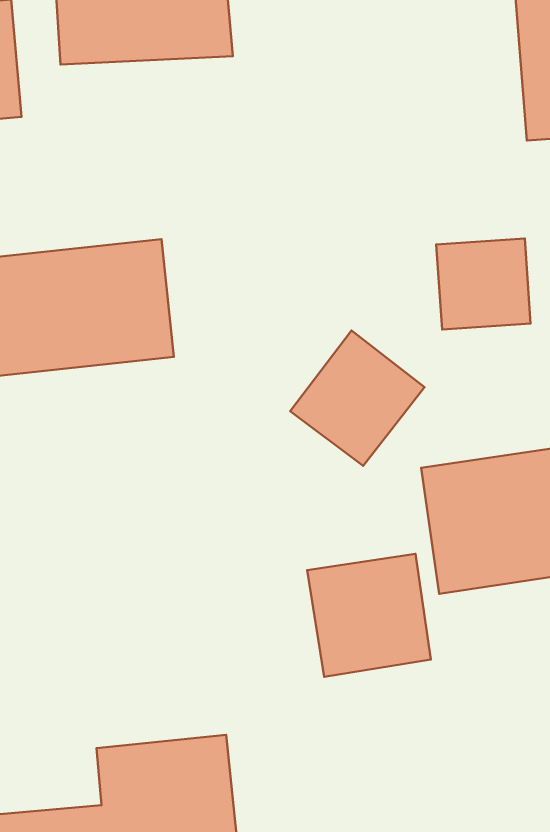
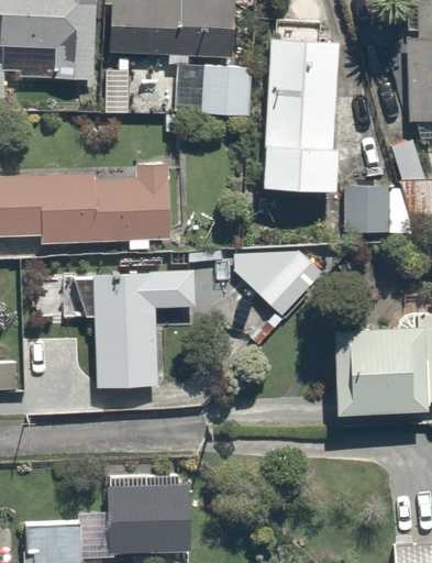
building: none -> [261,36,329,181]
building: none -> [202,65,254,115]
building: none -> [92,277,200,387]
building: [307,554,431,677] -> none

